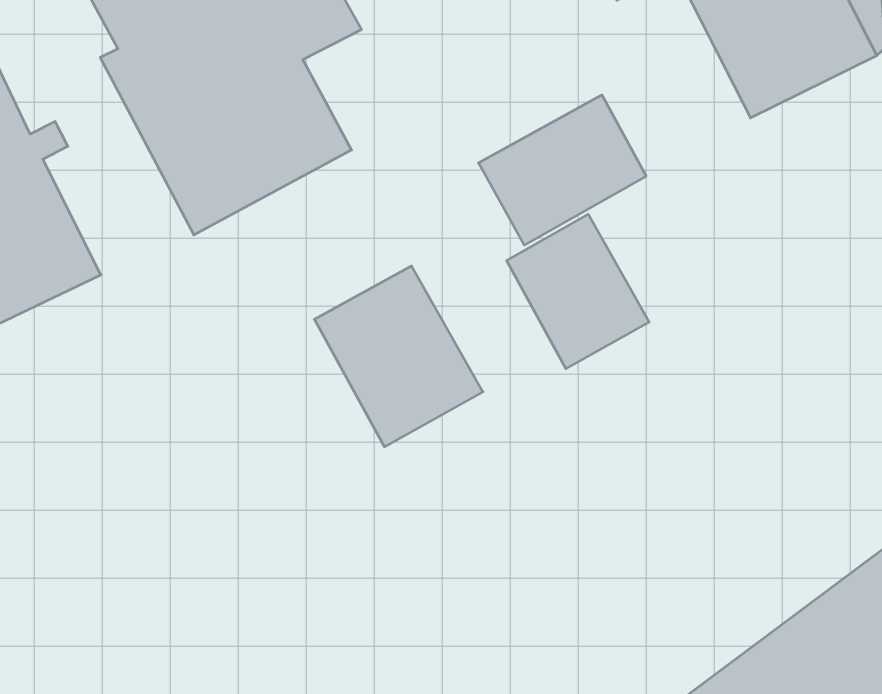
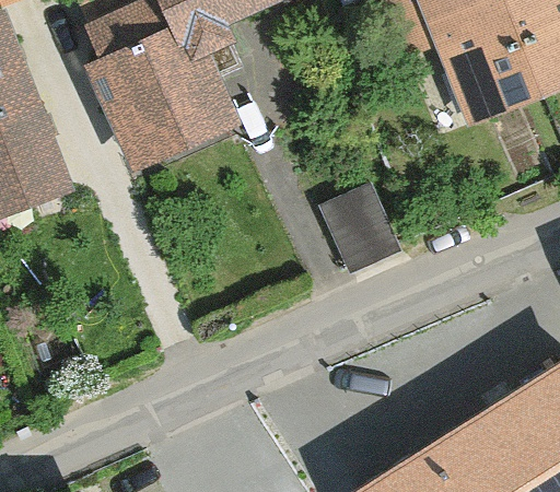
building: [478,95,646,245] -> none
building: [314,266,483,447] -> none

